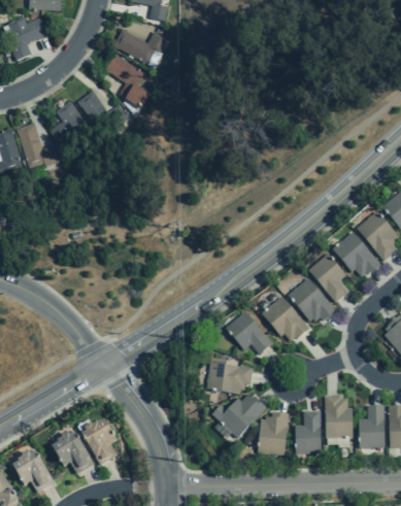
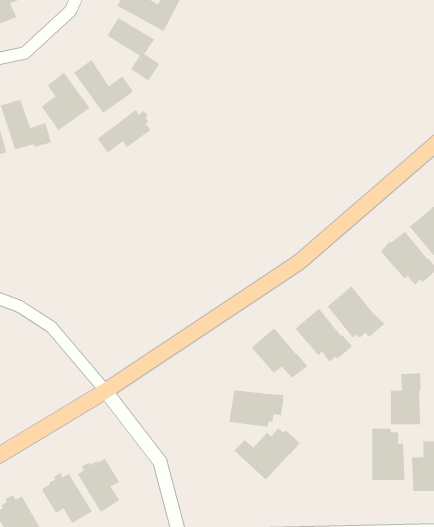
building: none -> [97,109,152,154]
building: [307,252,348,302] -> none
building: [295,410,321,453] -> [390,373,421,425]
building: [257,411,289,454] -> none

